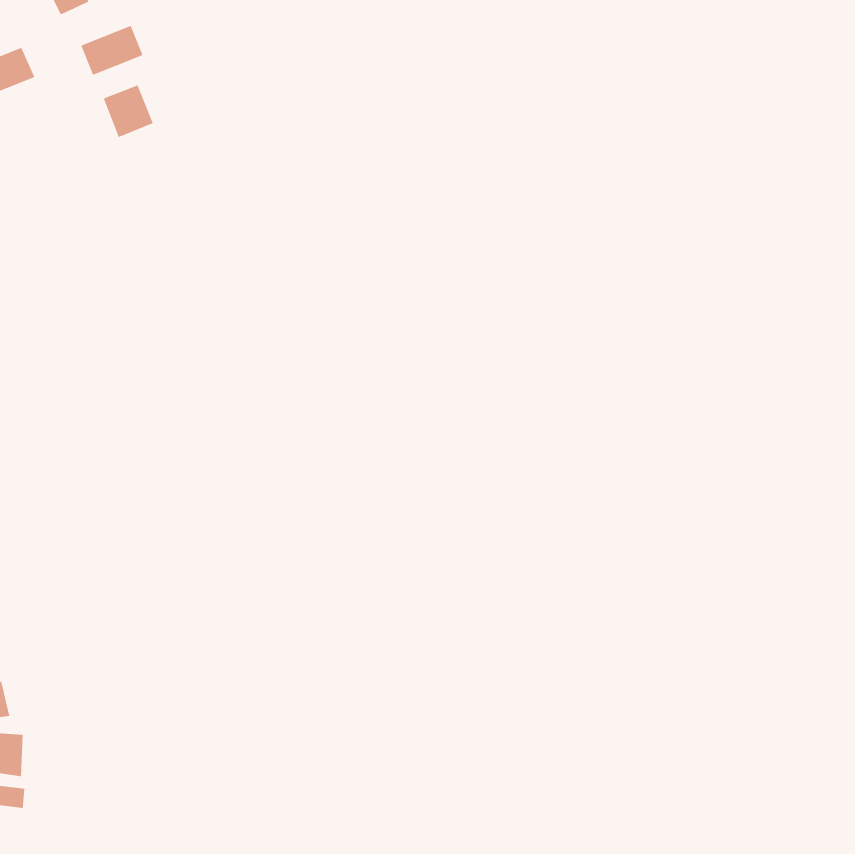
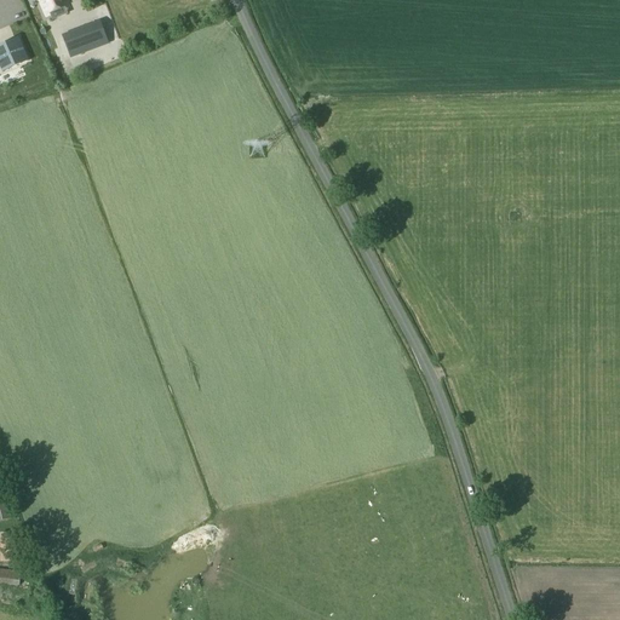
building: [103,84,153,138] -> none

